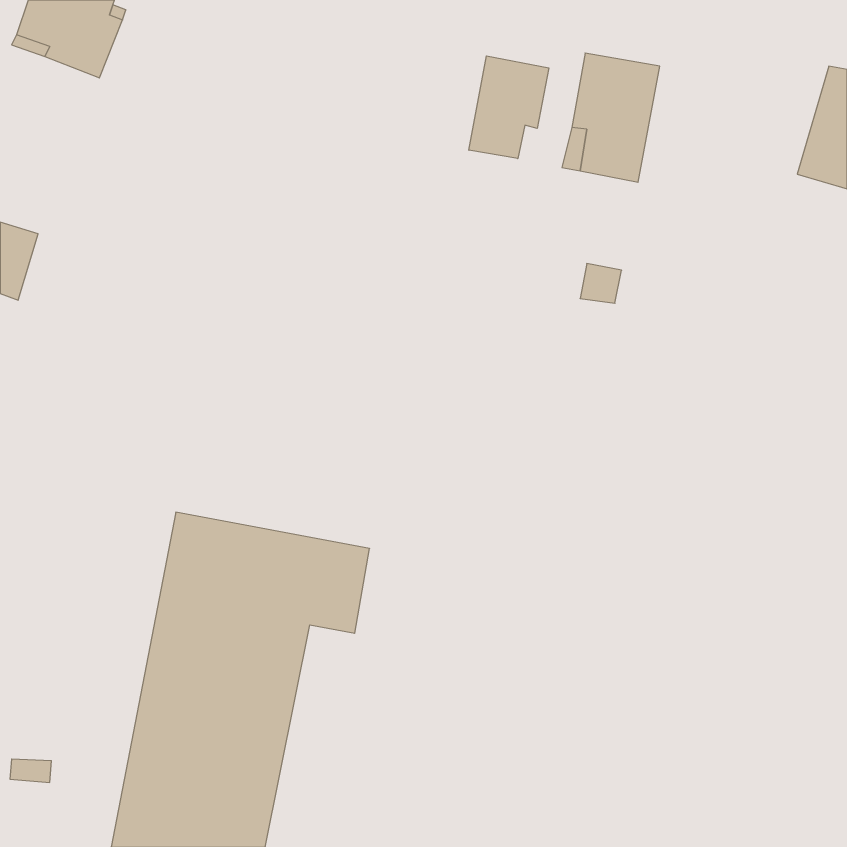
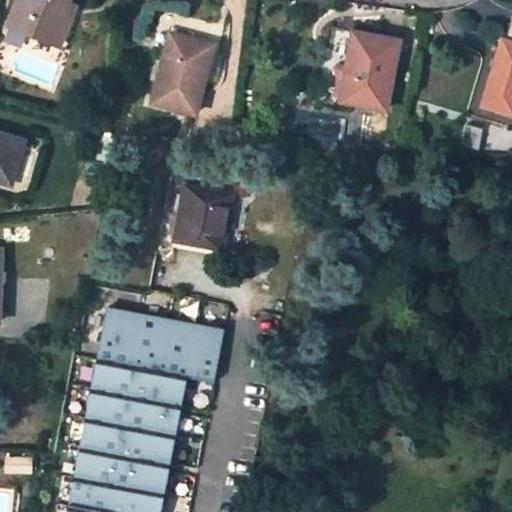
building: [469,56,549,159] -> none
building: none -> [153,35,212,114]
building: none -> [174,186,232,248]

